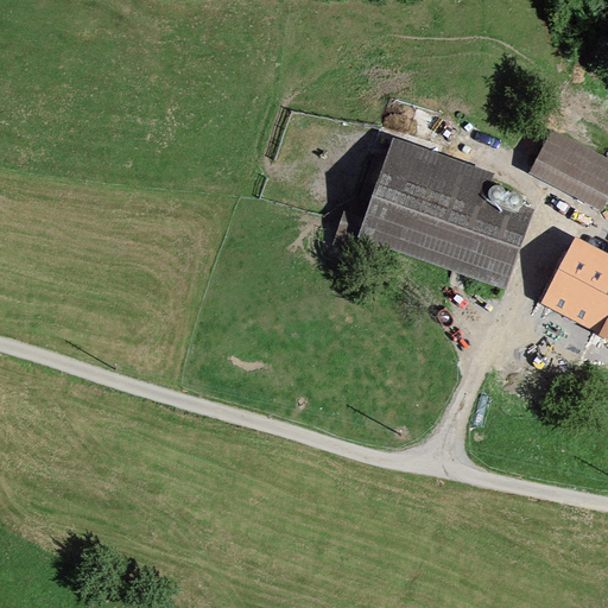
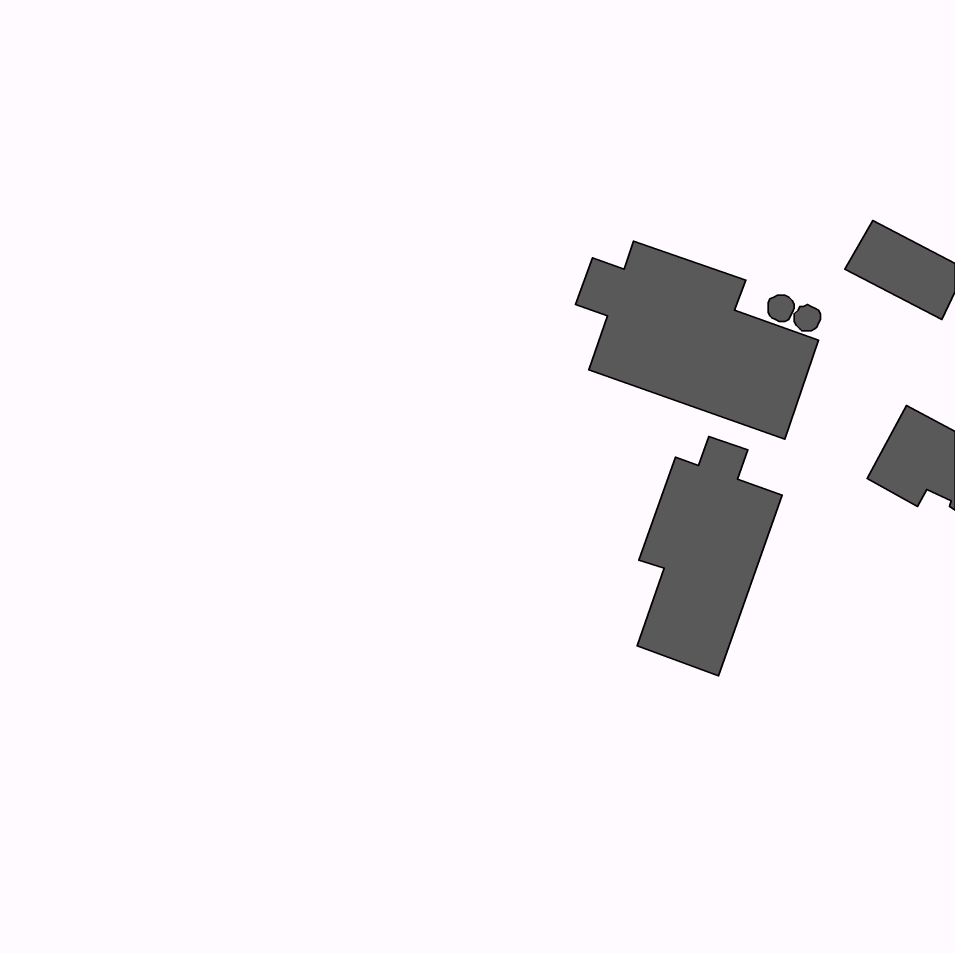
building: none -> [637,436,782,676]

